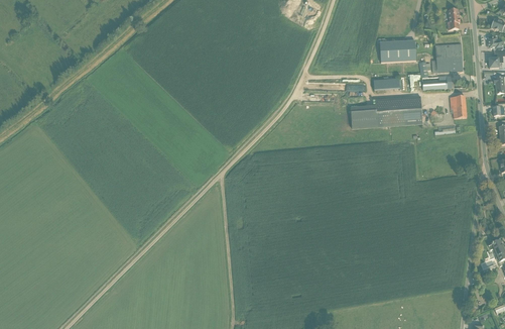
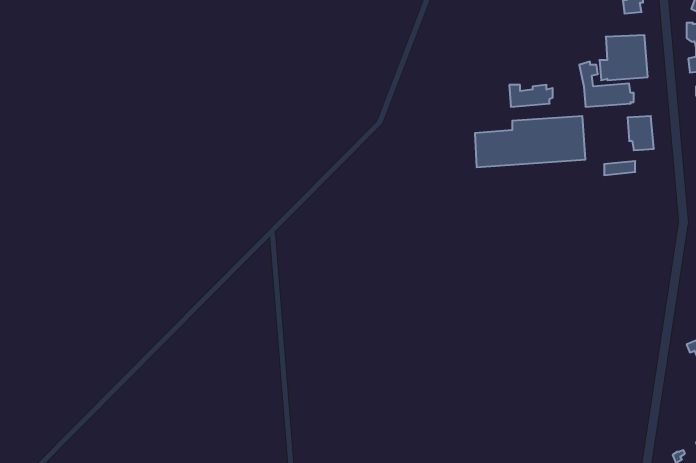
building: [379,39,416,63] -> none

